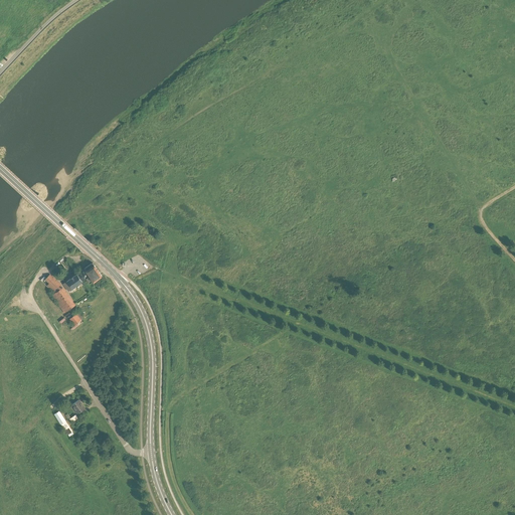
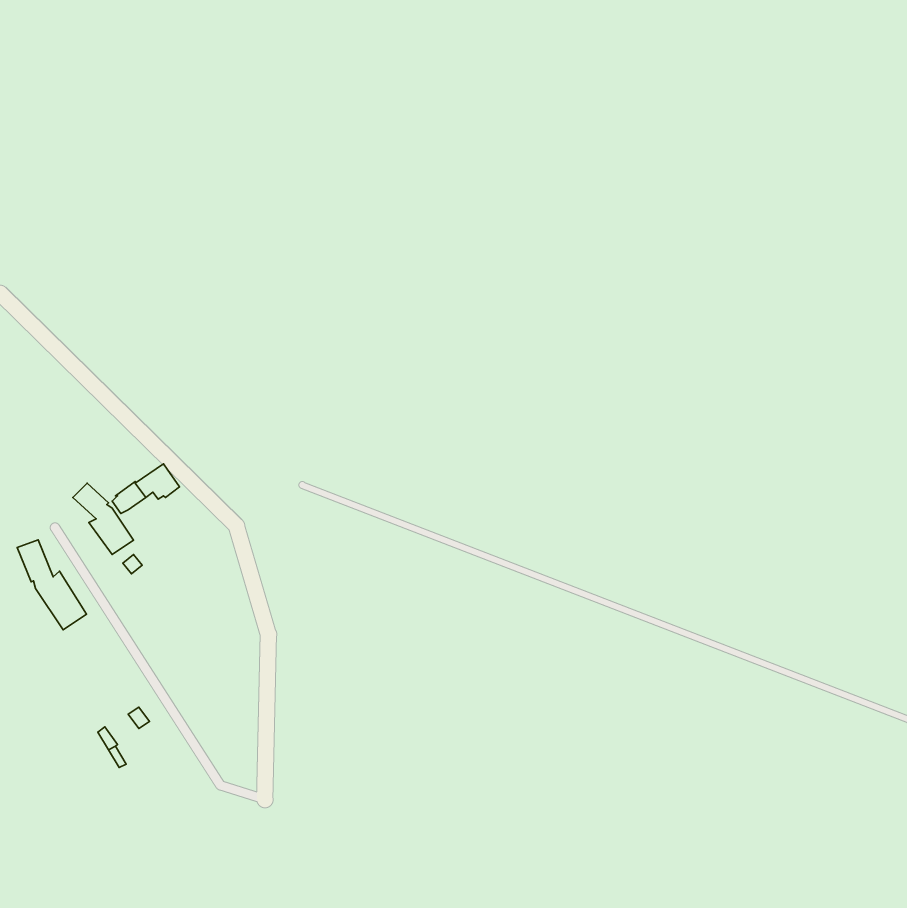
building: none -> [17,540,86,630]

